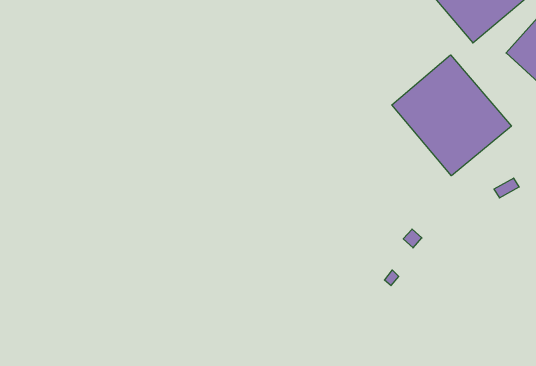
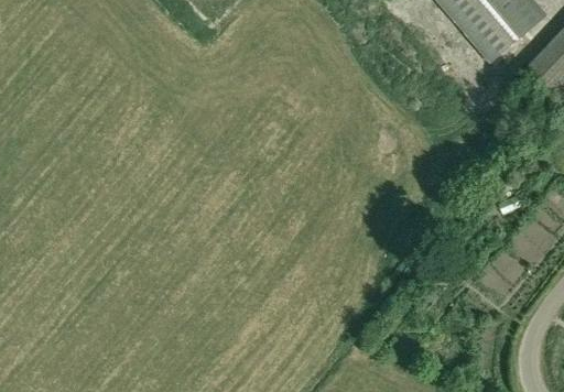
building: [392,55,511,176] -> none

